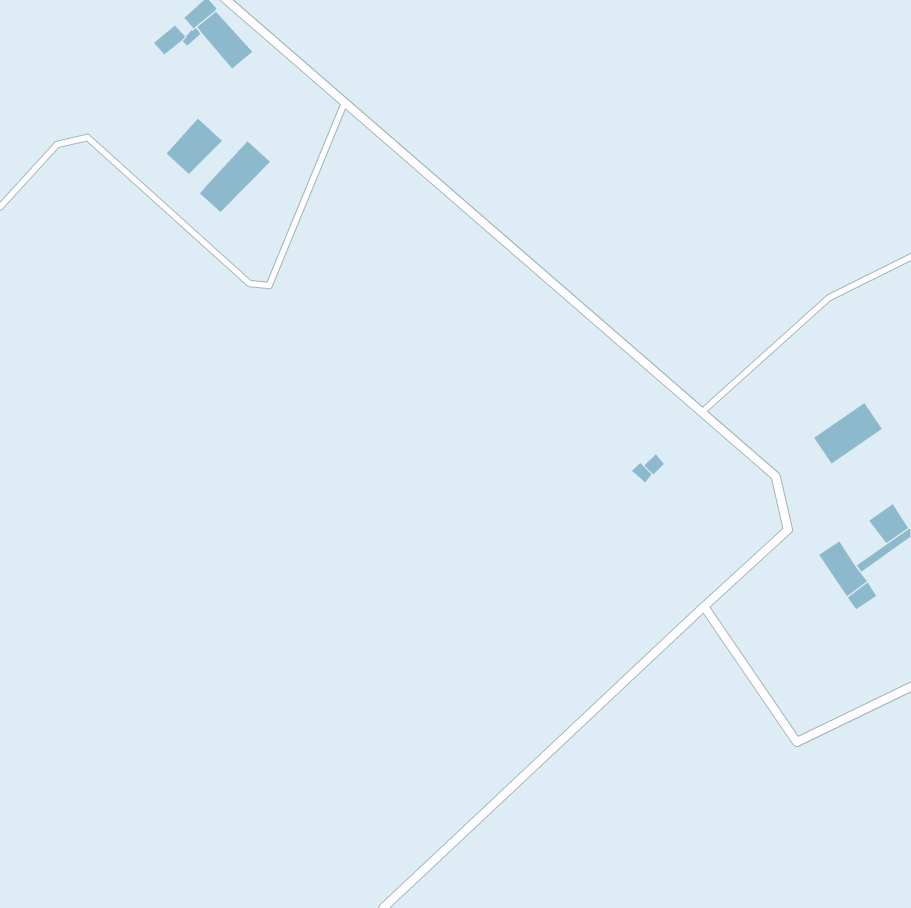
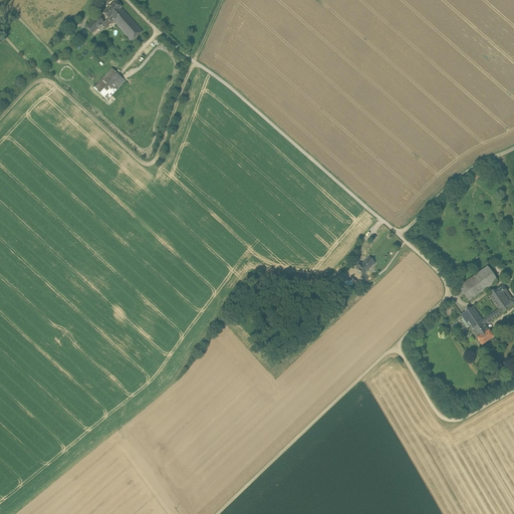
building: [199,141,271,213] -> none
building: [813,402,883,465] -> [459,264,498,299]

